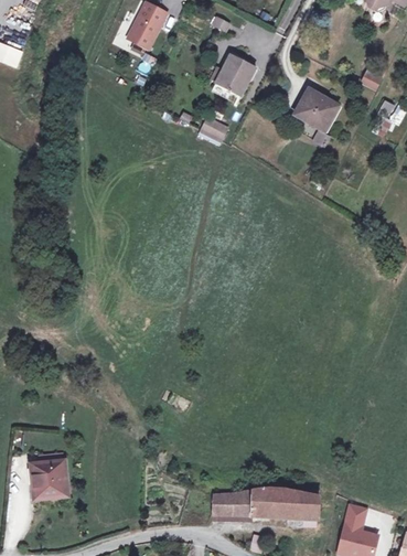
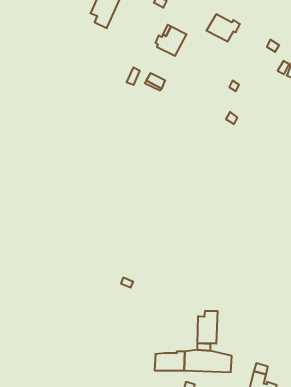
building: [292,89,338,126] -> [206,14,240,41]
building: none -> [197,311,217,344]
building: [32,462,67,499] -> none

